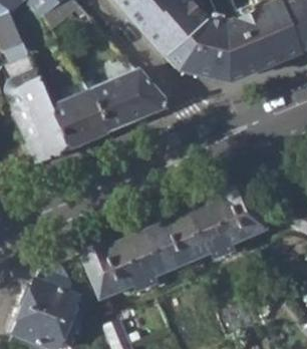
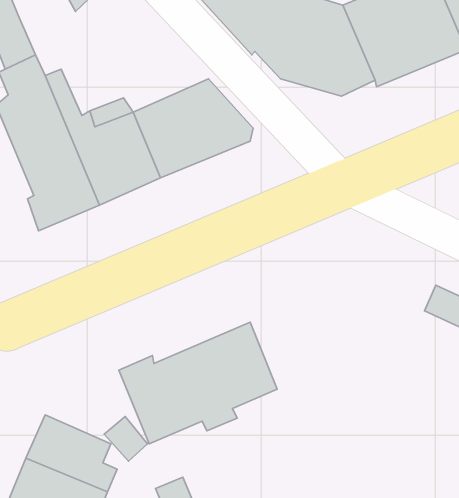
building: [164,184,264,265] -> none

